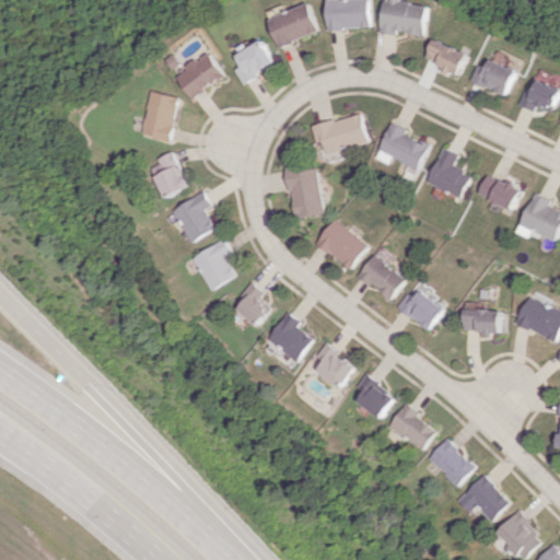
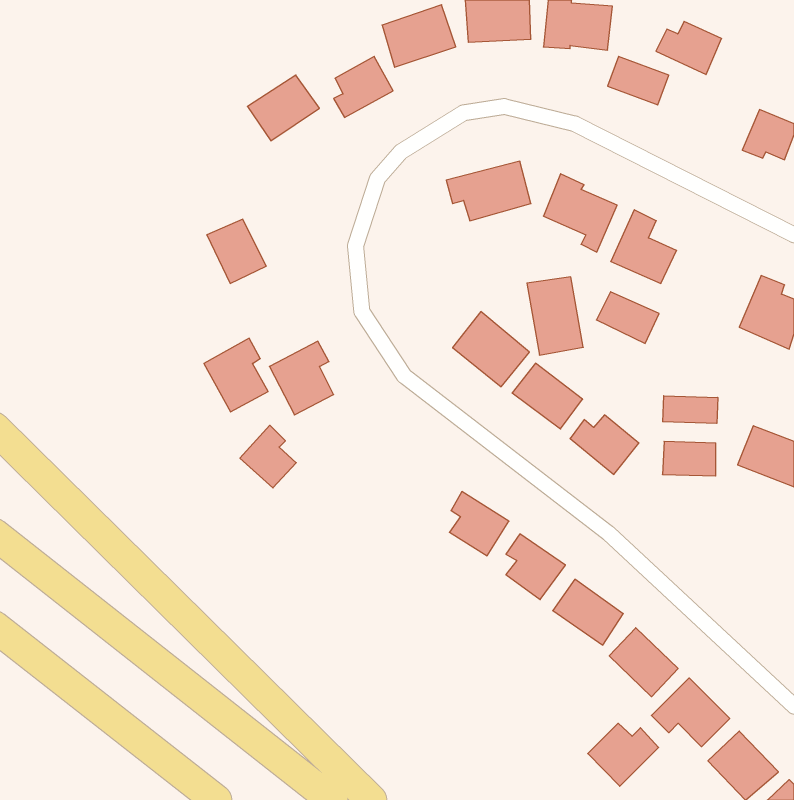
building: [469,59,515,96] -> [656,21,722,75]
building: [137,90,176,141] -> none
building: [287,164,326,219] -> [527,277,583,355]
building: [477,174,521,210] -> [596,292,659,343]
building: [168,191,213,243] -> [204,338,268,412]
building: none -> [663,396,718,423]
building: [230,282,269,326] -> [240,425,296,488]
building: [265,311,312,362] -> none
building: none -> [588,723,659,786]

